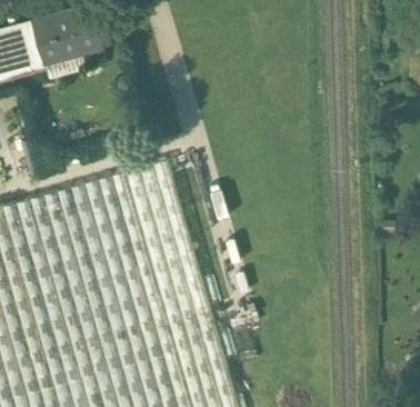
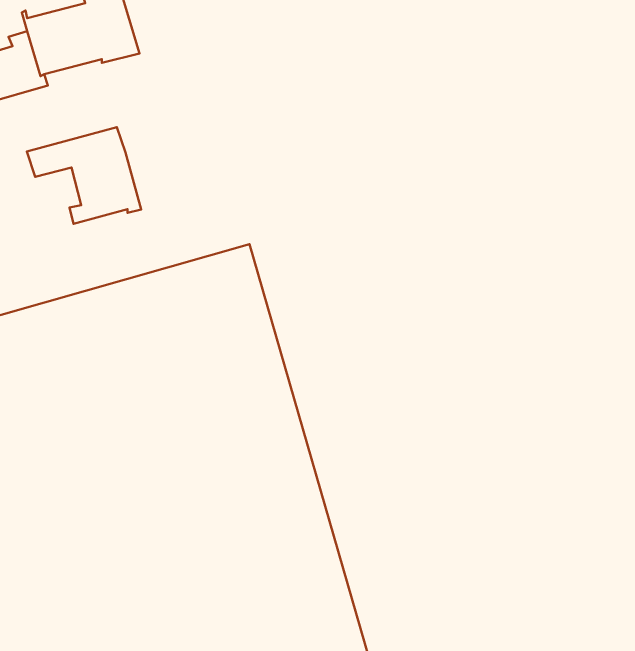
building: none -> [27,127,141,224]

